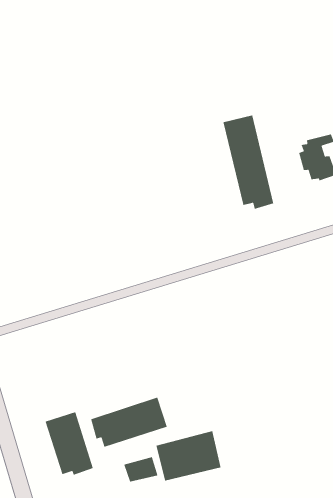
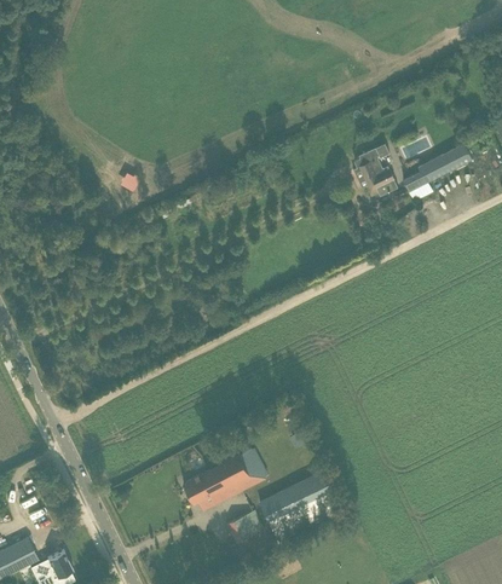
building: [223,115,274,210] -> none
building: [45,411,94,476] -> none

